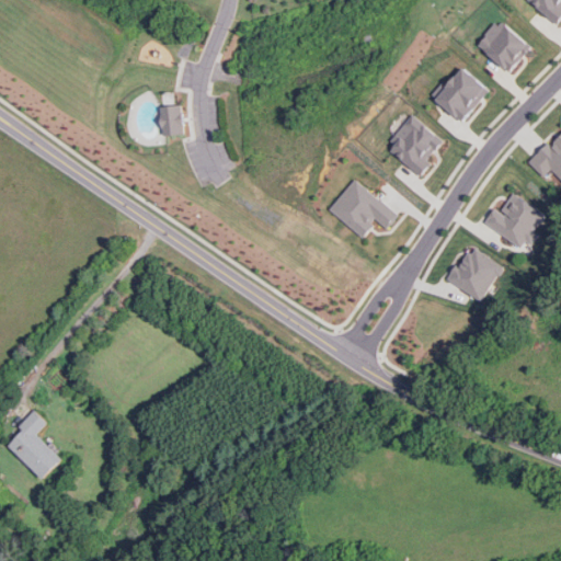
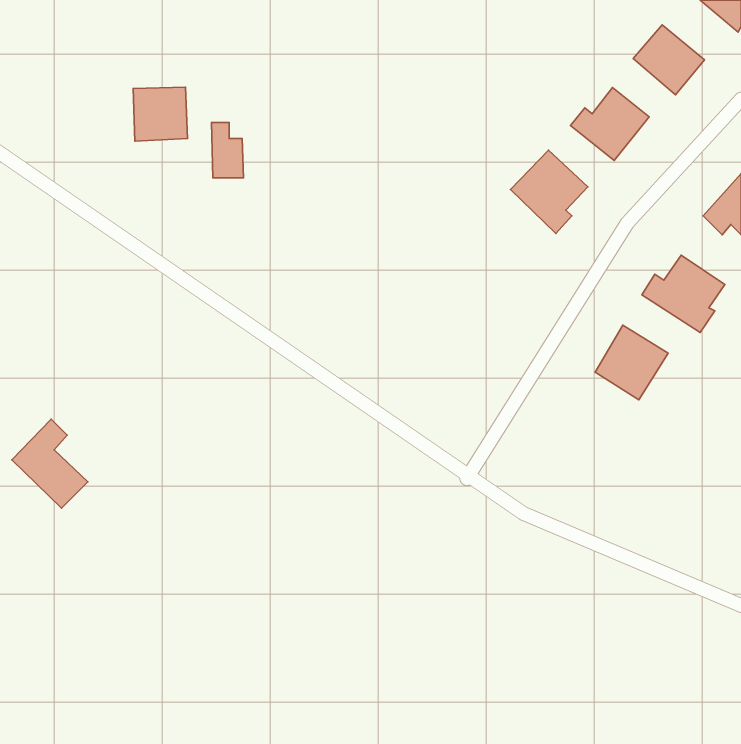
building: none -> [133,87,188,141]
building: [327,179,396,237] -> none
building: [5,412,62,479] -> [12,419,88,508]

